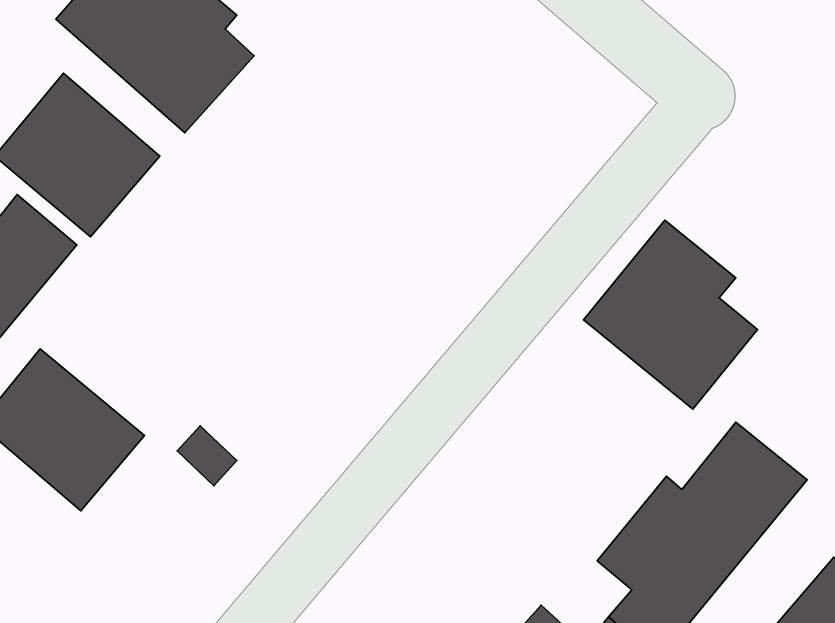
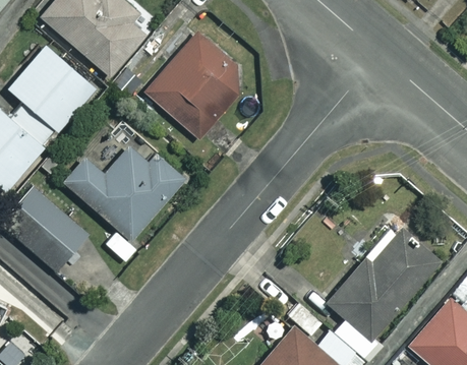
building: none -> [147,35,245,140]
building: [584,220,758,409] -> none
building: none -> [63,135,185,240]

